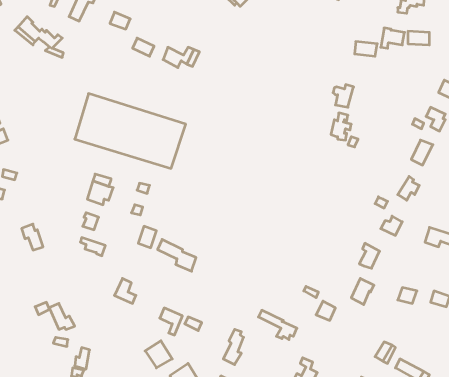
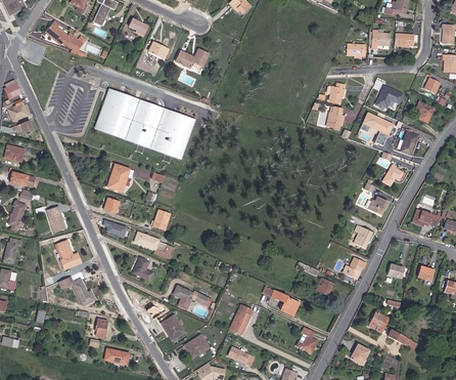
building: none -> [376,86,406,112]
building: none -> [361,113,395,146]
building: [158,239,196,271] -> [134,231,169,260]
building: none -> [57,241,83,270]

